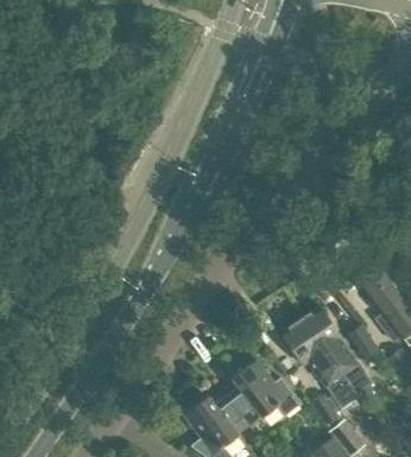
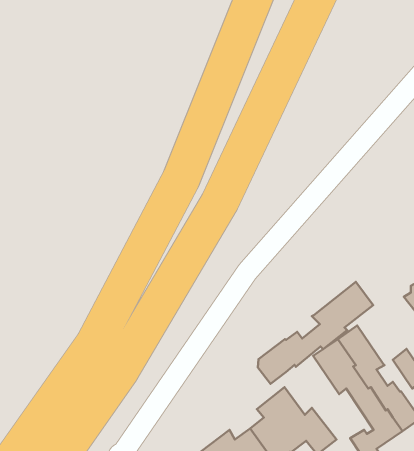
building: none -> [258,282,373,384]

